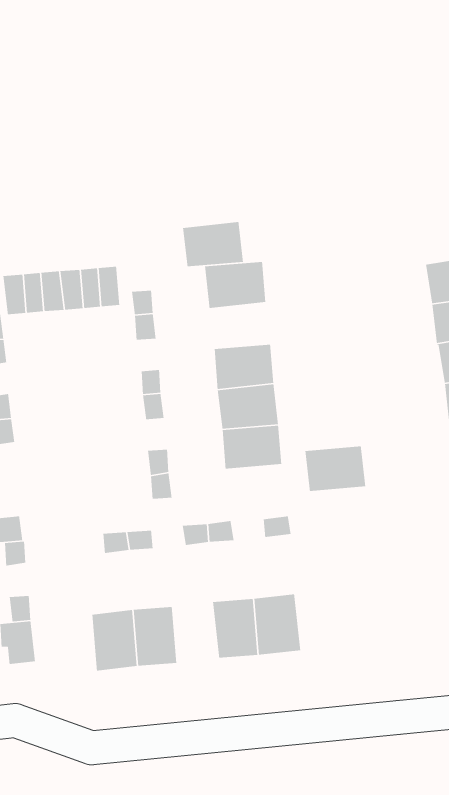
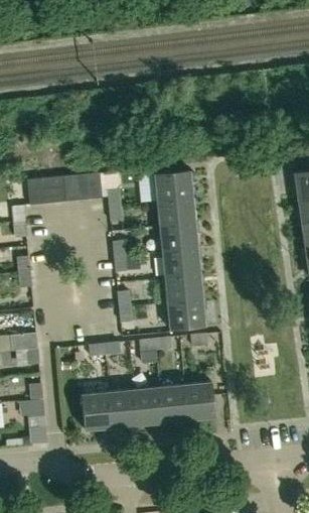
building: [182,221,244,267] -> [156,198,195,227]
building: [304,446,366,492] -> [166,300,205,330]
building: none -> [133,387,162,426]

